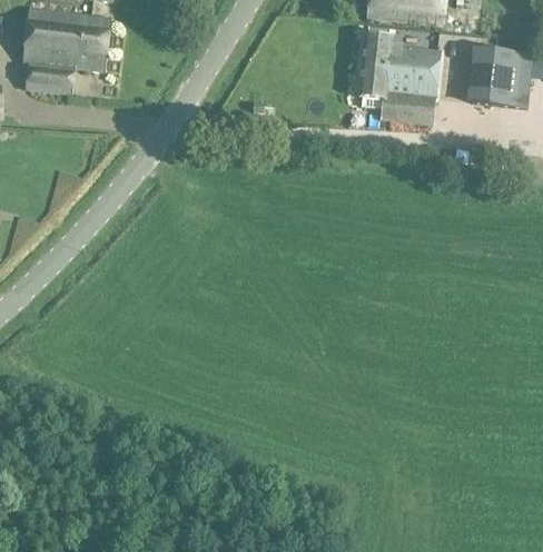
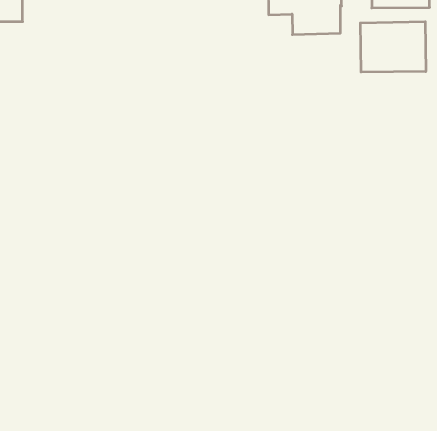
building: none -> [360,22,426,72]

